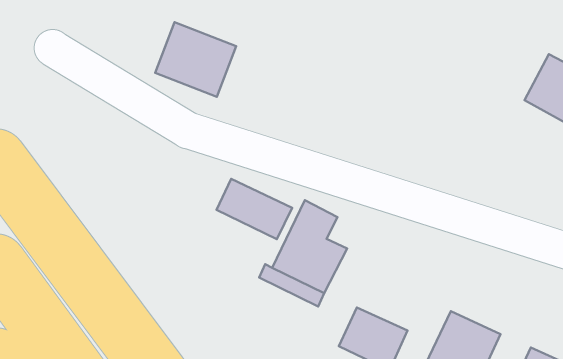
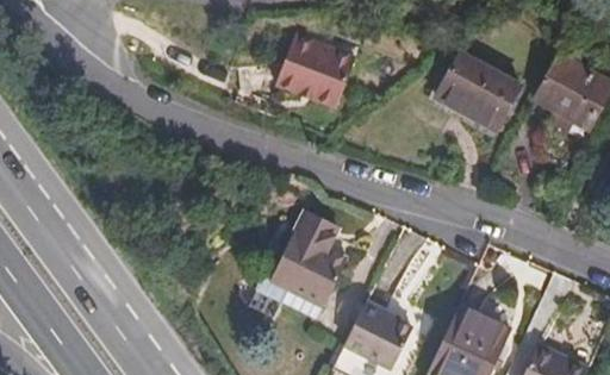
building: [155,22,236,97] -> [279,37,359,111]
building: none -> [429,57,509,133]
building: [217,179,292,239] -> none

